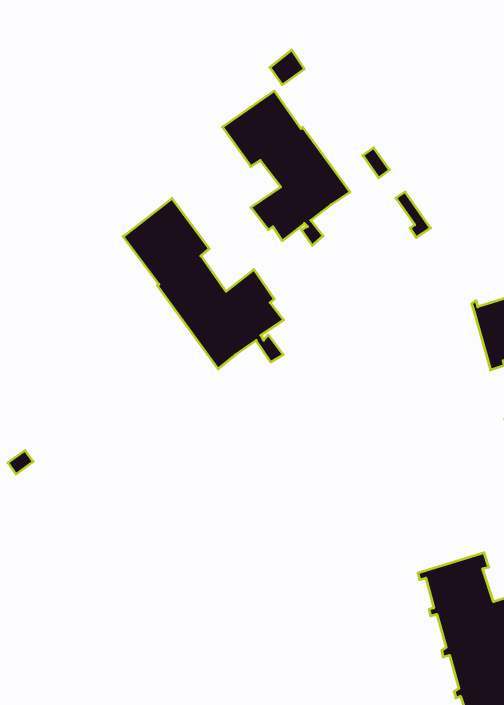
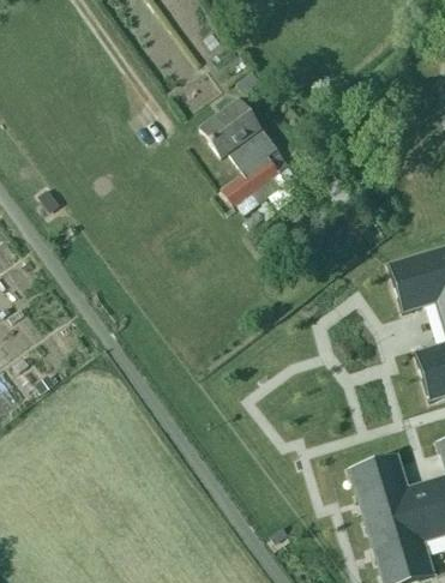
building: [123,198,284,369] -> none

